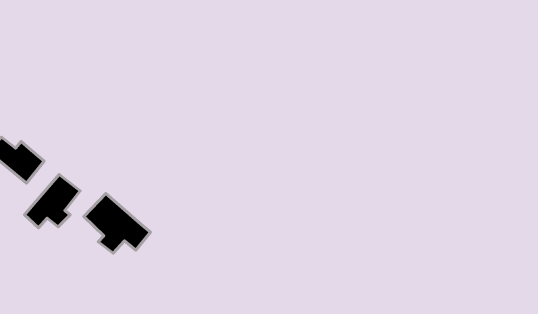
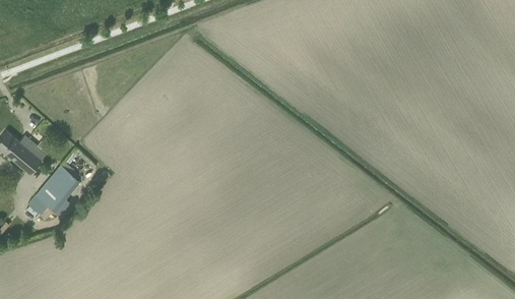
building: [84,194,150,253] -> none

